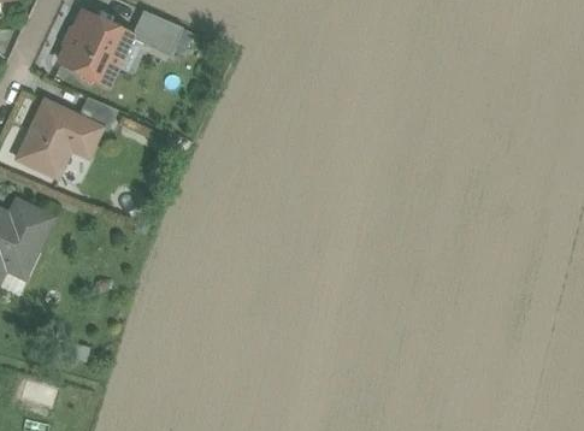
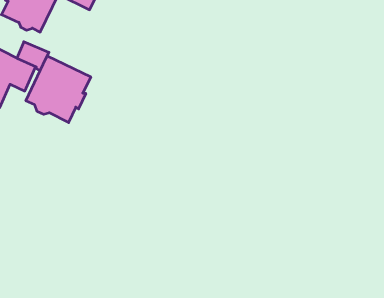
building: none -> [26,56,91,123]

